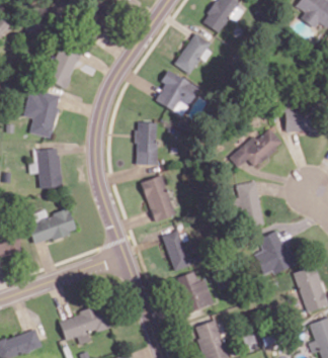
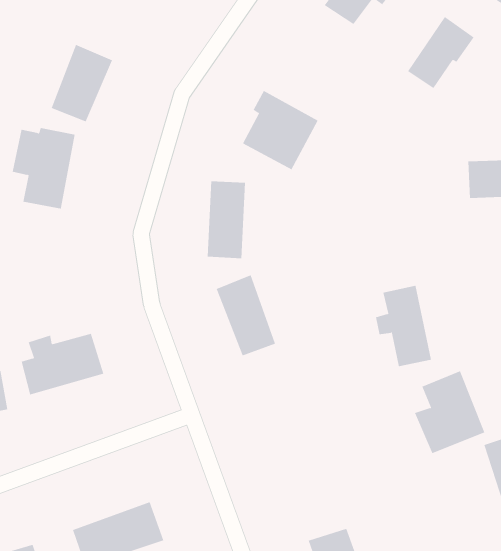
building: [175,32,214,74] -> [407,16,475,89]
building: [229,128,282,168] -> none
building: [29,149,62,188] -> none
building: [165,232,188,269] -> none
building: [177,271,215,311] -> none

